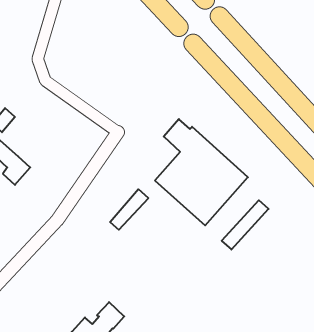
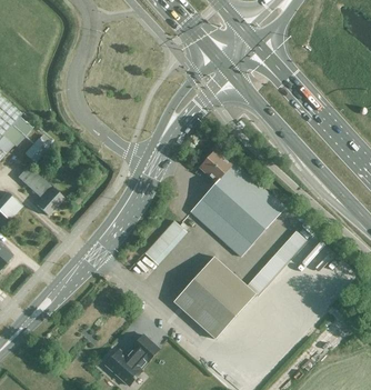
building: none -> [173,256,255,339]

